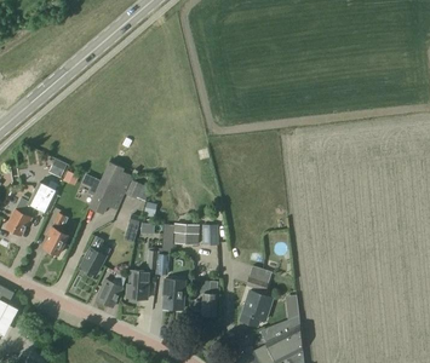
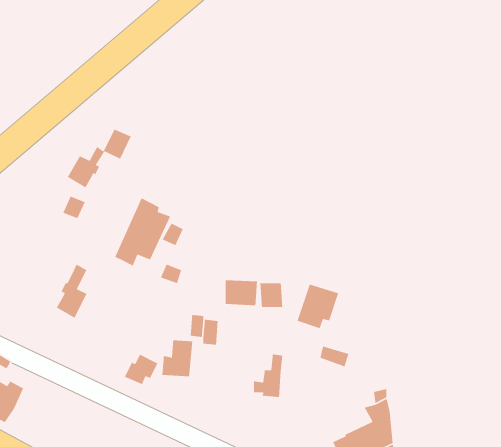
building: [6,189,56,235] -> [67,128,132,188]
building: [80,237,109,275] -> none
building: [164,278,185,310] -> none
building: [240,290,273,325] -> [297,283,339,329]

